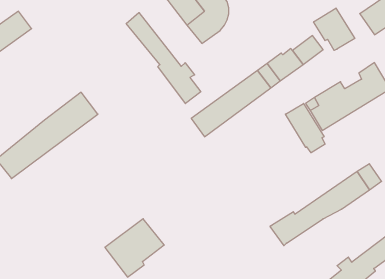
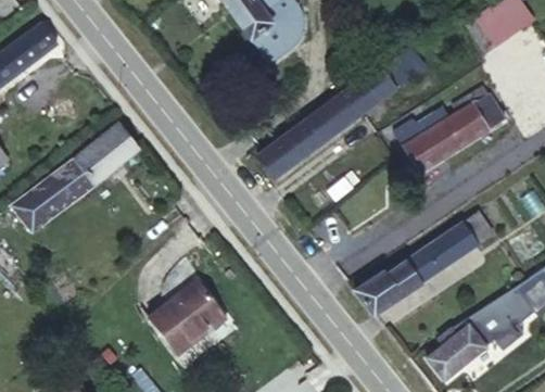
building: [314,8,355,50] -> none
building: [126,13,201,104] -> none
building: [285,103,325,153] -> none

